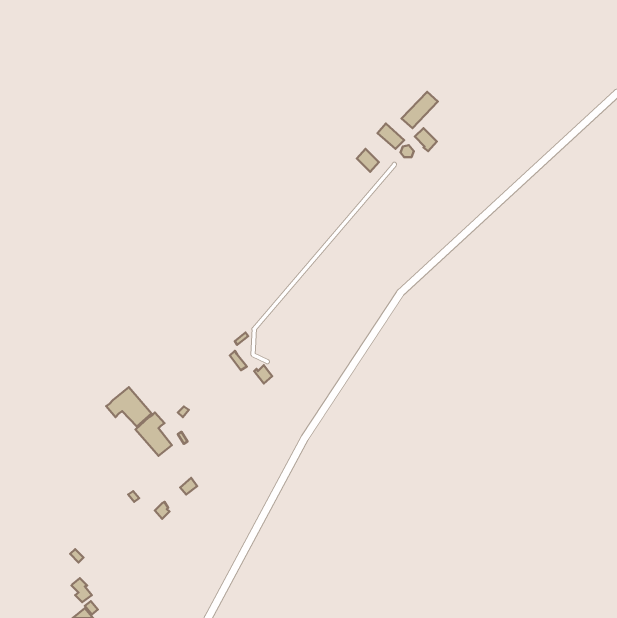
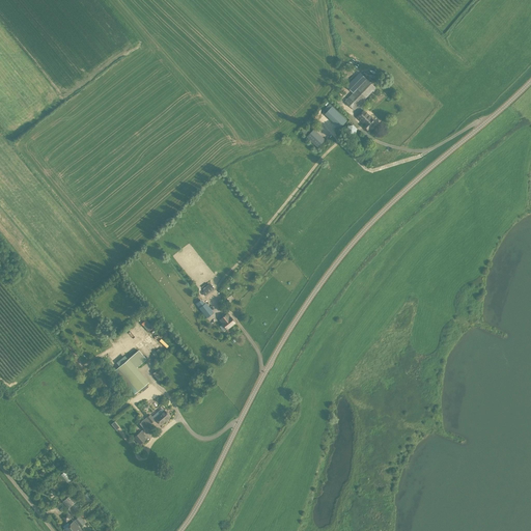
building: [106,387,151,427] -> none

